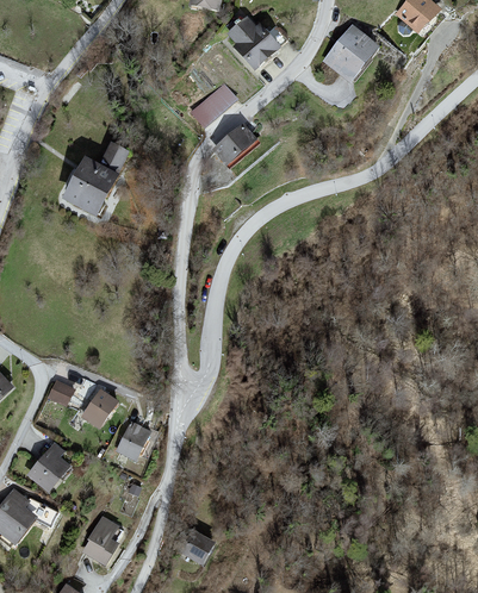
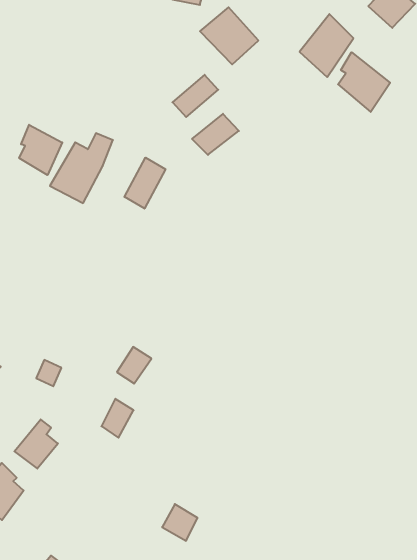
building: none -> [338,52,390,112]
building: none -> [19,125,62,175]
building: none -> [124,158,165,209]
building: [82,391,118,429] -> [117,347,151,384]
building: [79,513,120,566] -> none

